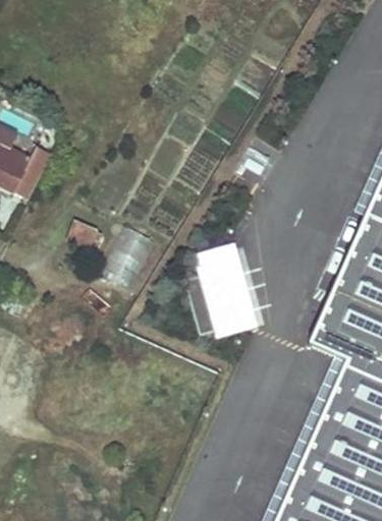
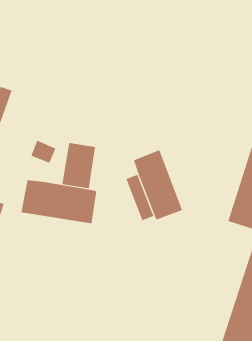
building: none -> [21,179,97,224]

